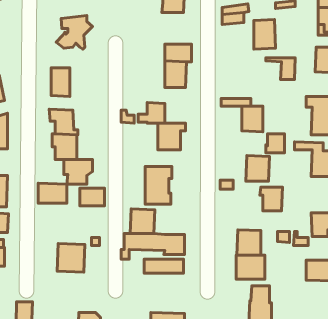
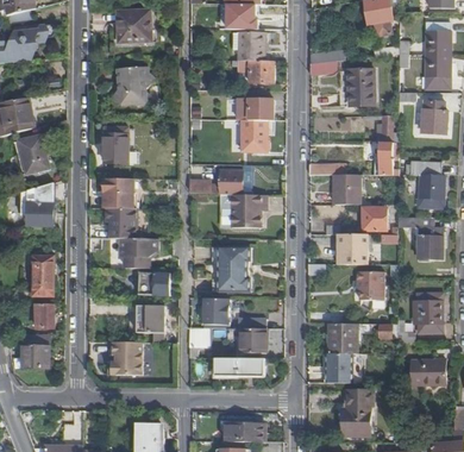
building: none -> [231,61,272,83]
building: none -> [371,142,396,174]
building: [38,183,67,203] -> [127,305,162,328]

